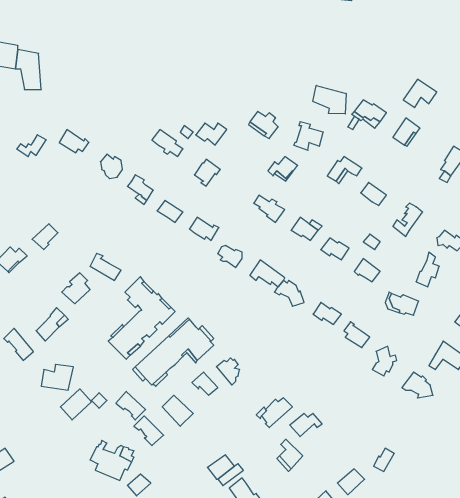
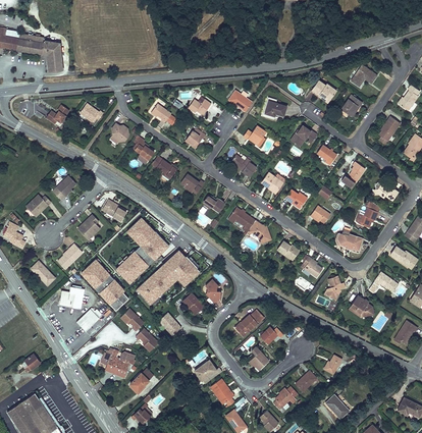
building: [313,85,346,114] -> none
building: none -> [83,261,126,310]

